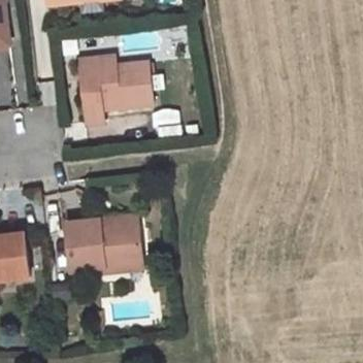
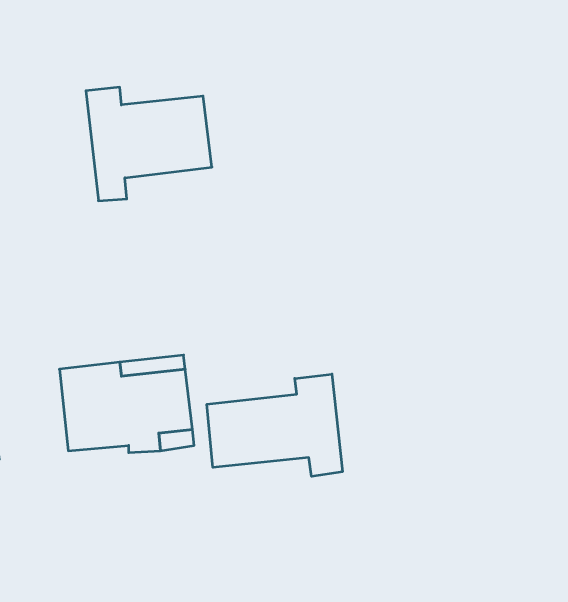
building: none -> [207,374,342,476]

